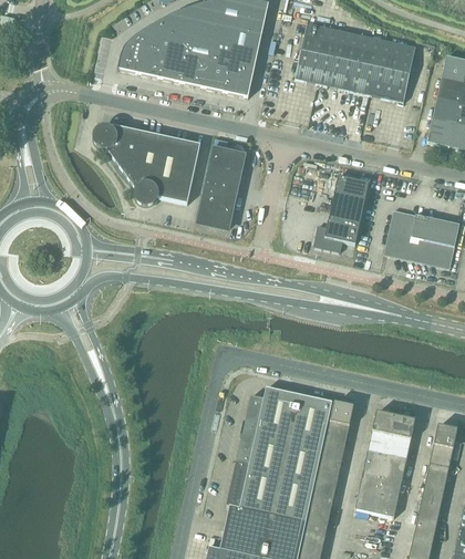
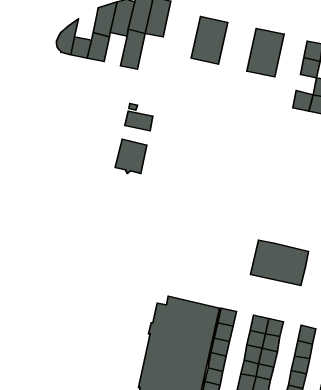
building: [143,18,172,54] -> none
building: [330,31,379,94] -> none
building: [182,44,211,87] -> none
building: [225,45,258,96] -> none
building: [431,99,457,125] -> none
building: [93,124,199,205] -> none
building: [205,165,241,190] -> none
building: [313,175,368,251] -> none
building: [383,209,458,268] -> [251,240,309,285]

